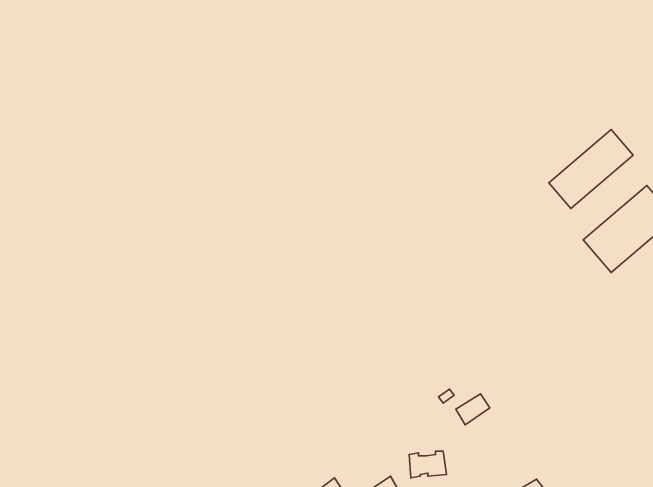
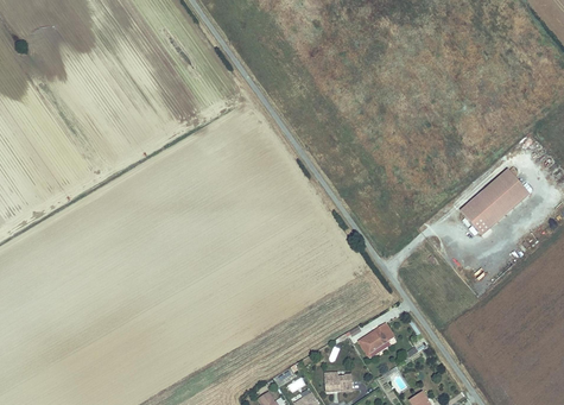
building: [549,130,633,208] -> none

